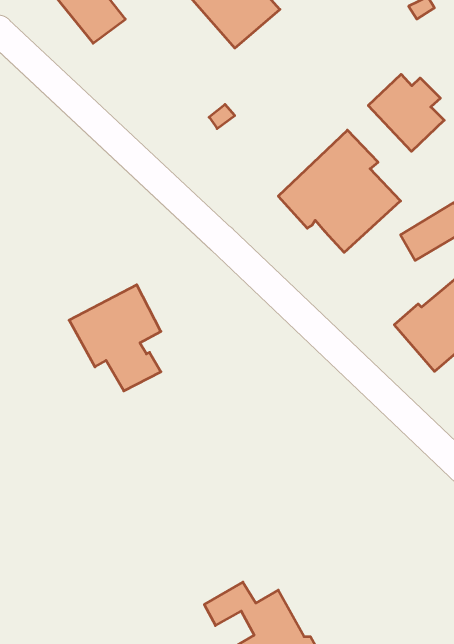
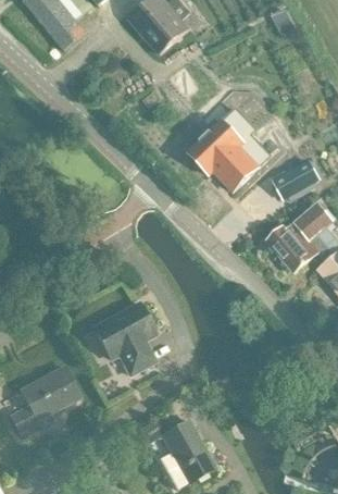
building: [368,74,444,151] -> none
building: [69,285,161,391] -> [93,304,155,375]
building: none -> [11,368,80,434]

